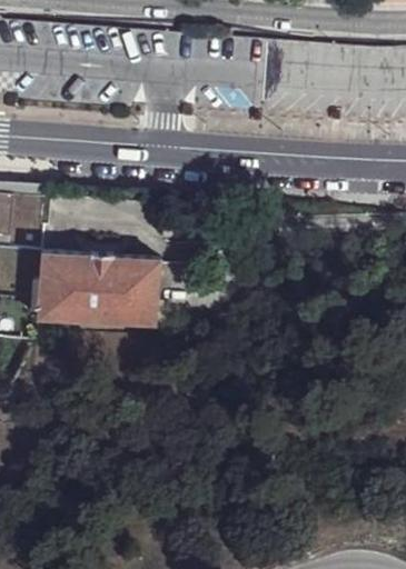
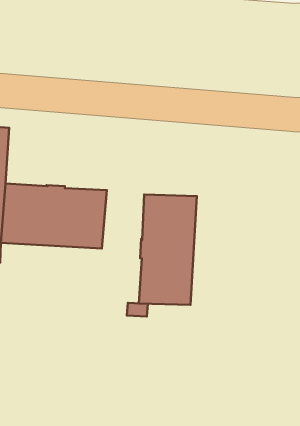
building: none -> [139,195,197,305]

